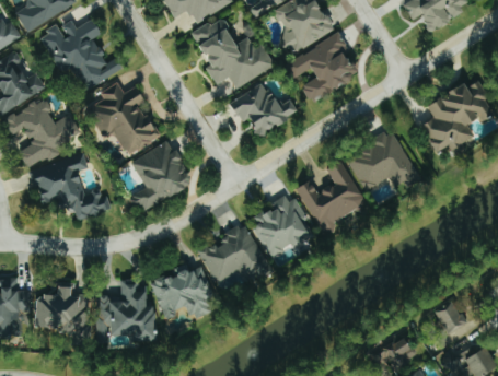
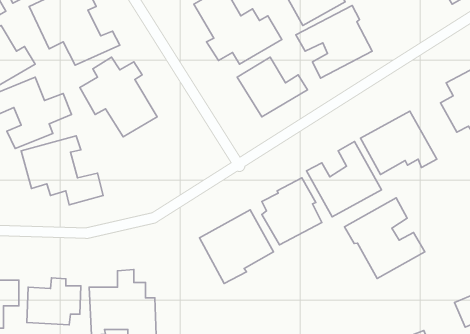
building: [129,142,193,211] -> none
building: none -> [344,198,425,278]
building: [150,265,216,319] -> none

